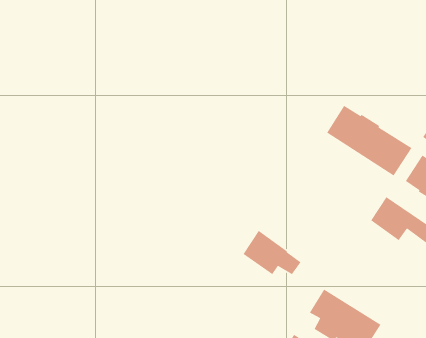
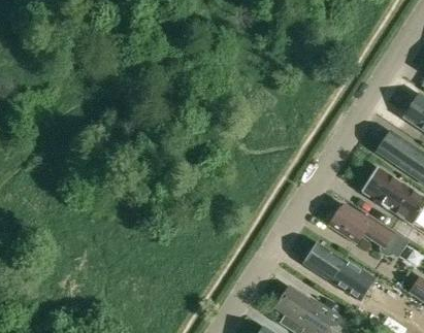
building: [326,105,413,176] -> none
building: [242,230,301,275] -> [305,242,358,282]

